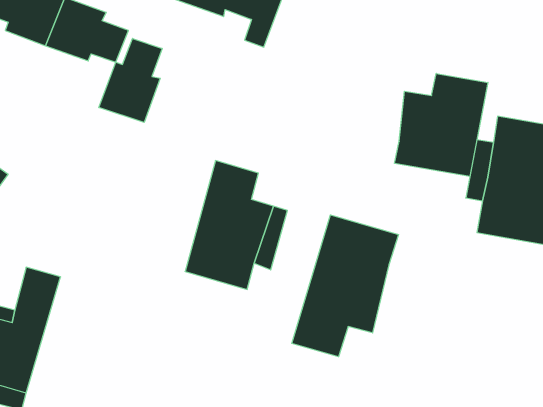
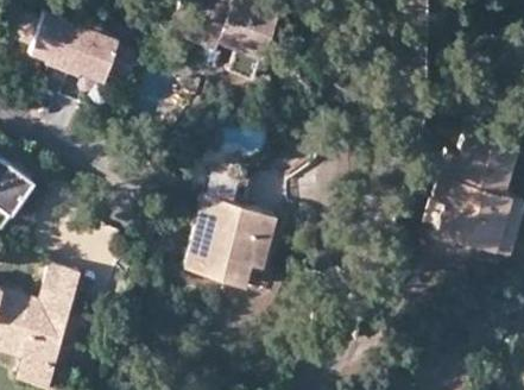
building: [99,38,162,122] -> none
building: [395,73,488,177] -> none
building: [292,215,398,357] -> none

